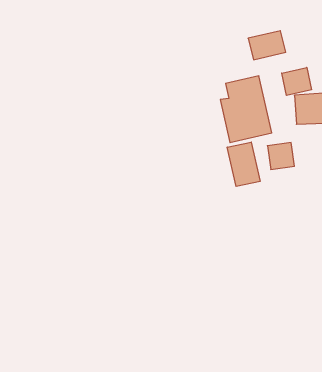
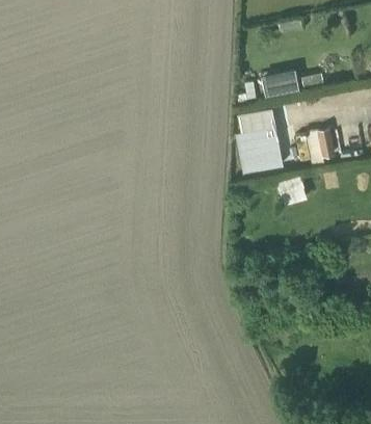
building: [282,67,311,95] -> none
building: [227,142,260,186] -> none

